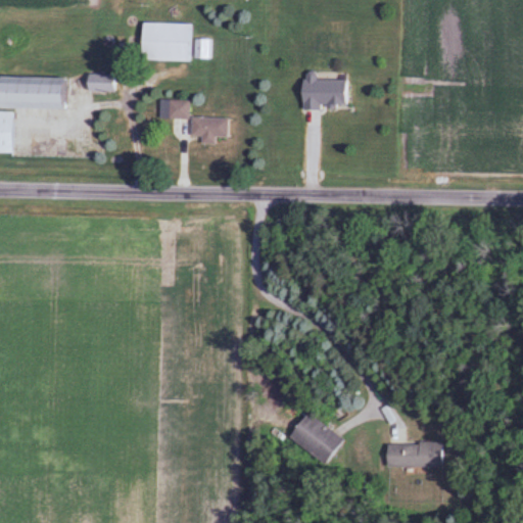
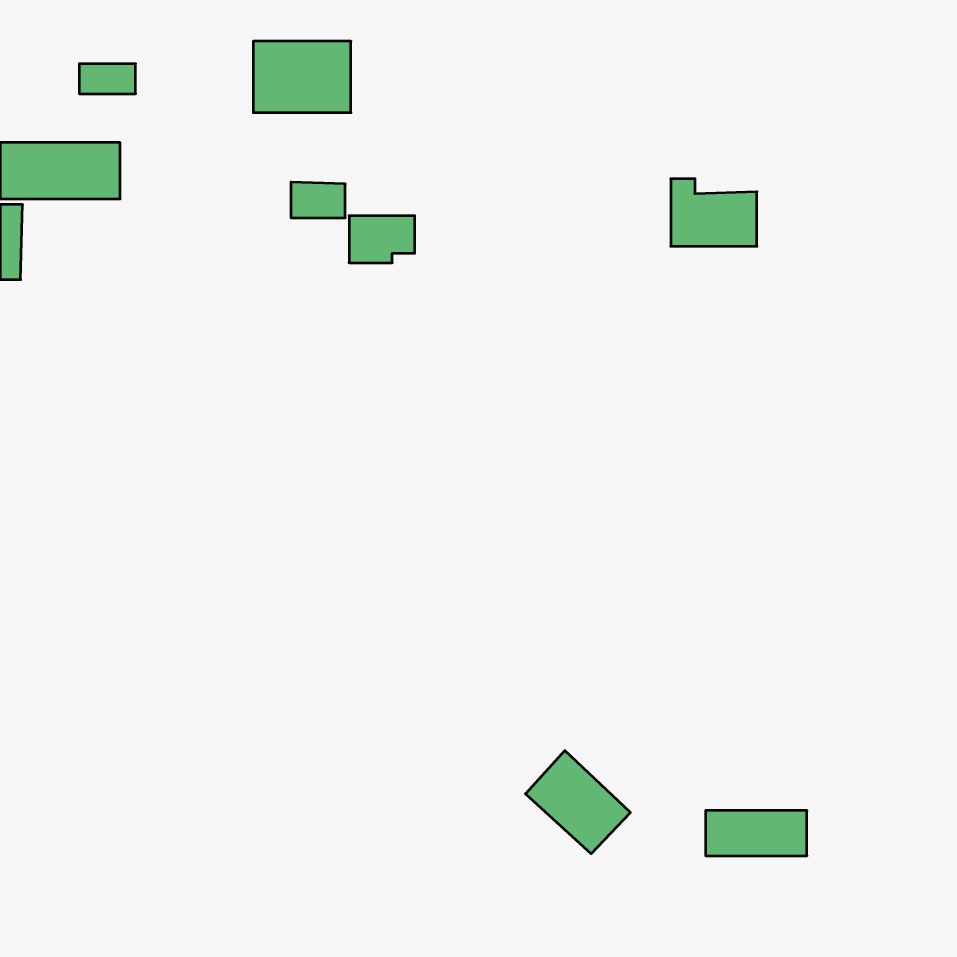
building: [301,72,348,108] -> [671,179,757,246]
building: [86,75,116,91] -> [79,64,136,94]

